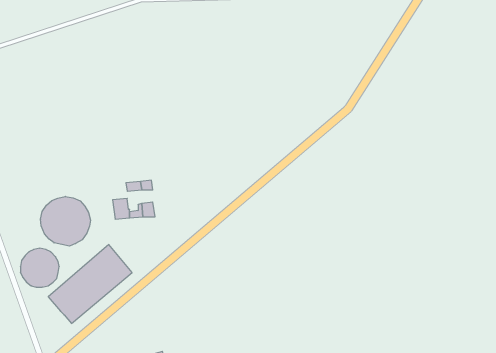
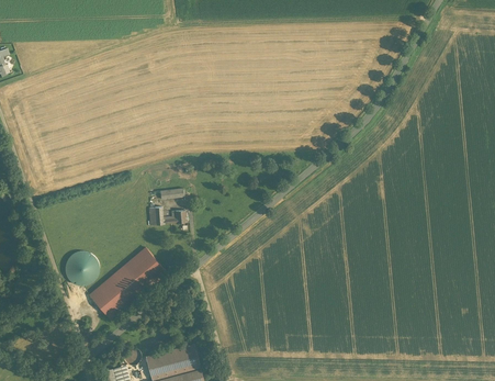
building: [41,196,91,246] -> none

